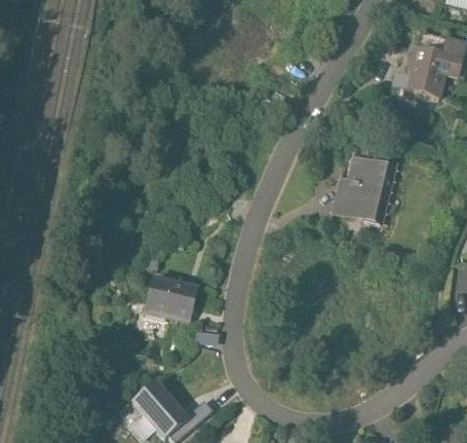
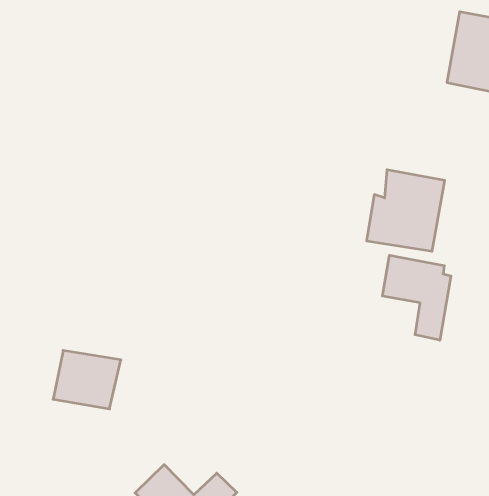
building: none -> [382,255,451,340]
building: [144,270,200,320] -> [53,350,121,409]

